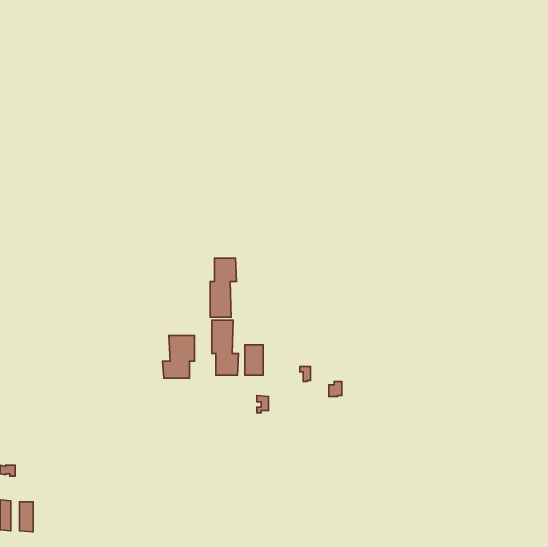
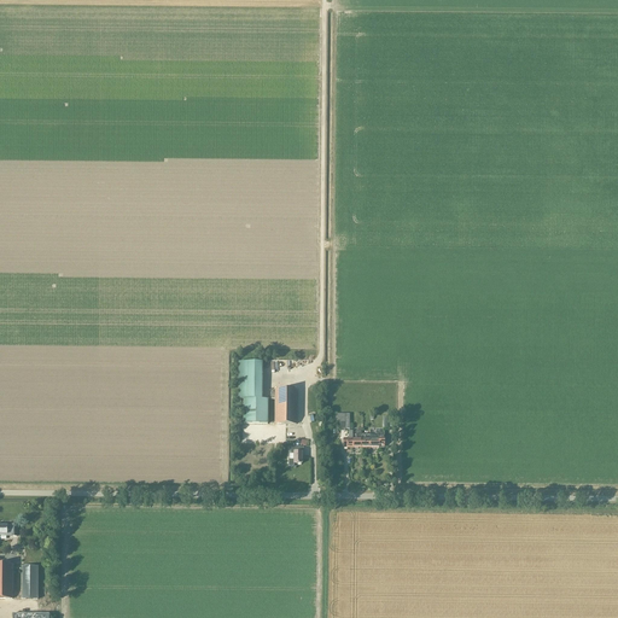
building: [210,258,236,317] -> none
building: [162,335,195,378] -> none

